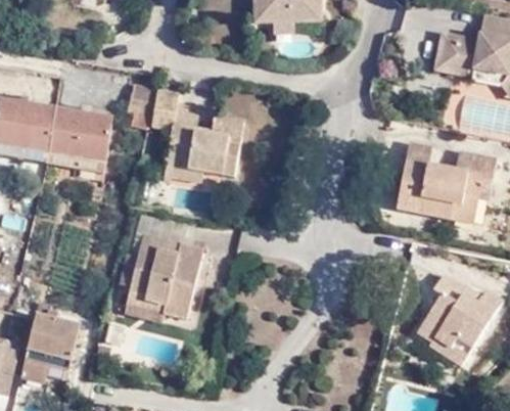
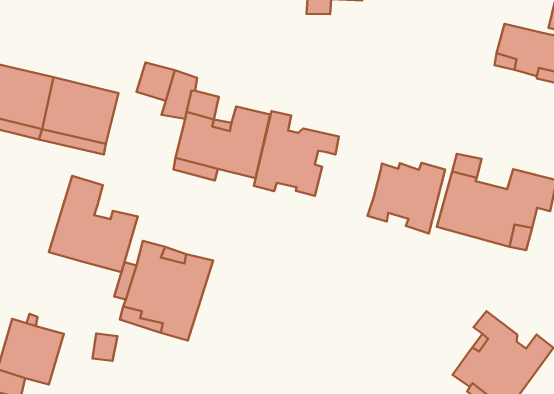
building: none -> [254,111,339,196]
building: none -> [368,163,445,234]
building: none -> [49,176,138,272]

